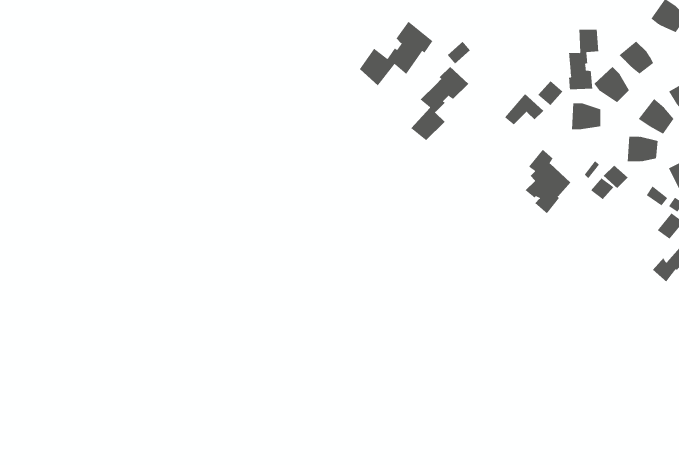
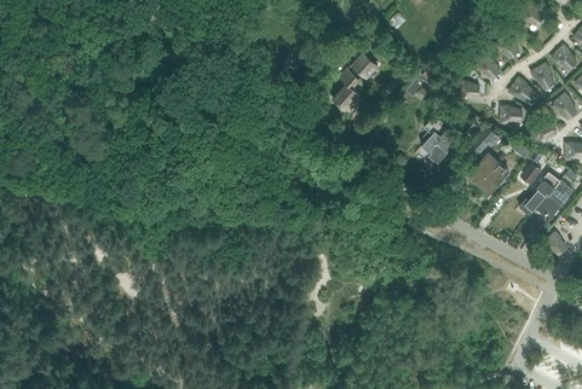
building: [359,21,433,86] -> none
building: [569,29,599,90] -> none
building: none -> [469,156,508,194]

